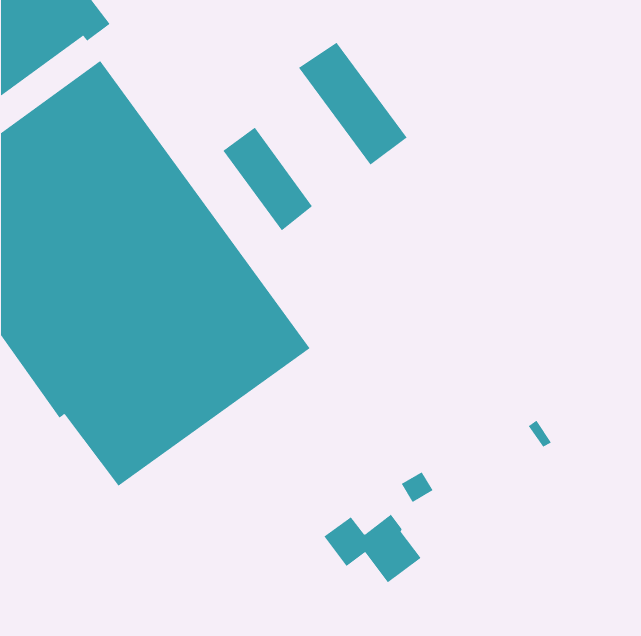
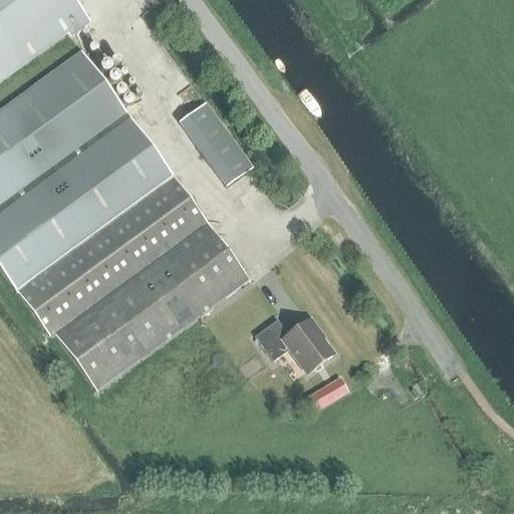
building: [298,42,408,165] -> none
building: [323,514,421,583] -> [255,317,333,372]

